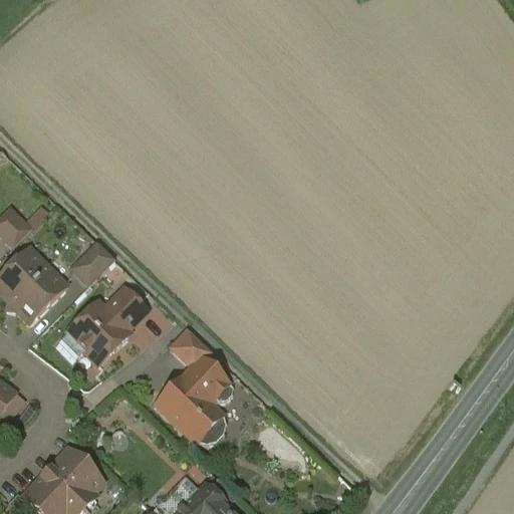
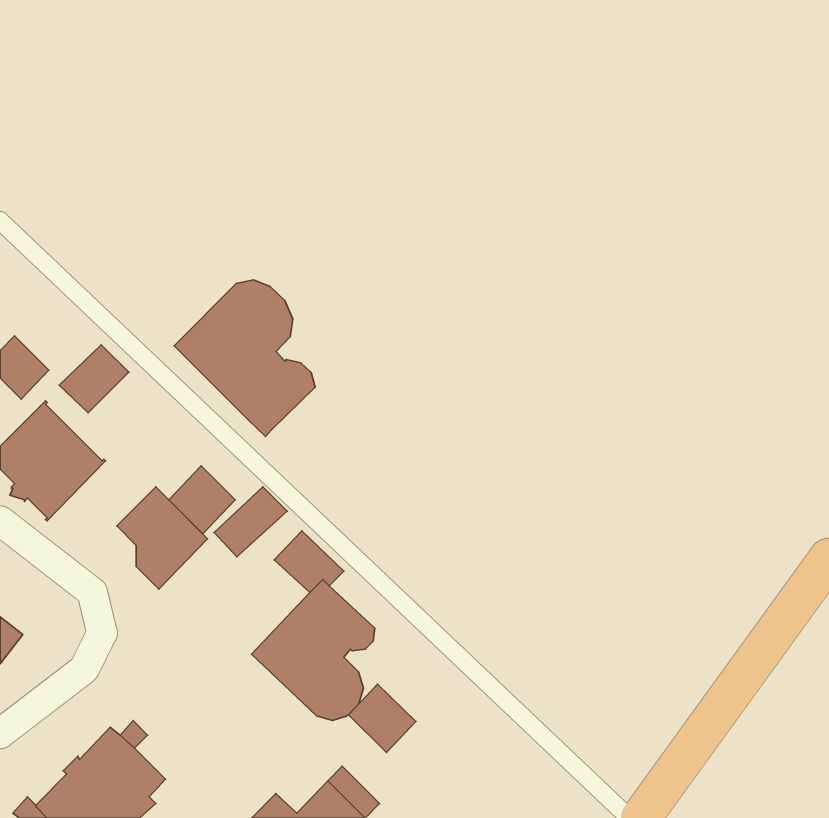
building: none -> [174,280,315,436]
building: [71,242,114,284] -> [59,345,129,413]
building: [58,325,84,358] -> none
building: none -> [349,684,416,752]

